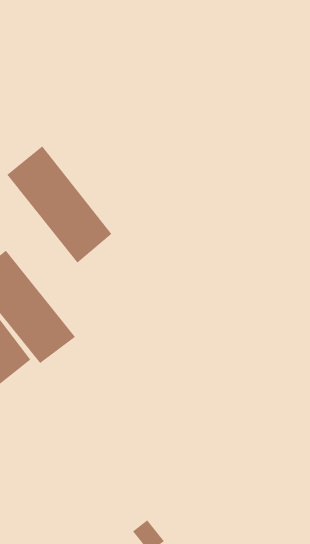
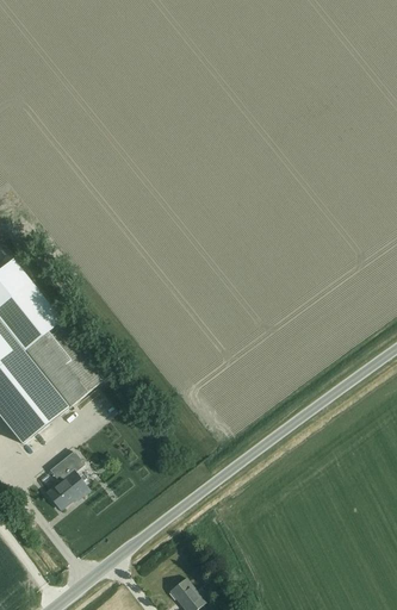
building: [6,146,112,263] -> none
building: none -> [46,450,88,508]

